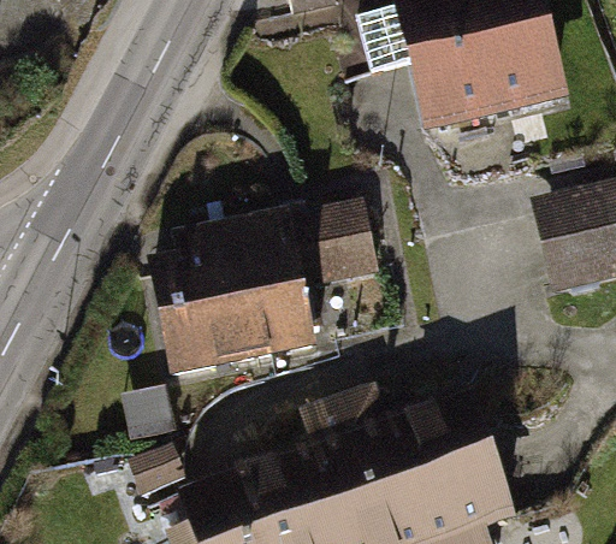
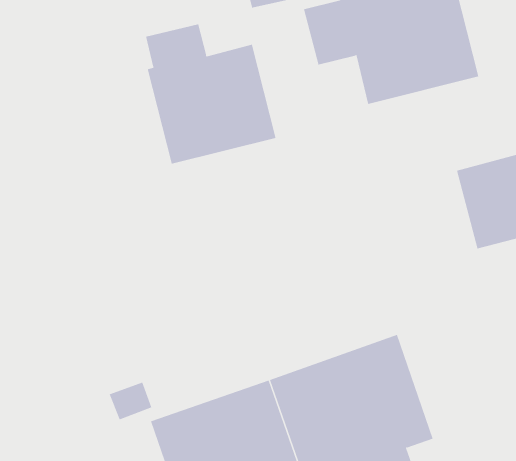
building: none -> [145,23,276,165]
building: [150,200,378,376] -> none

